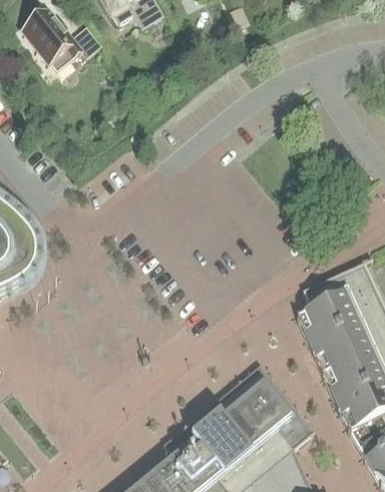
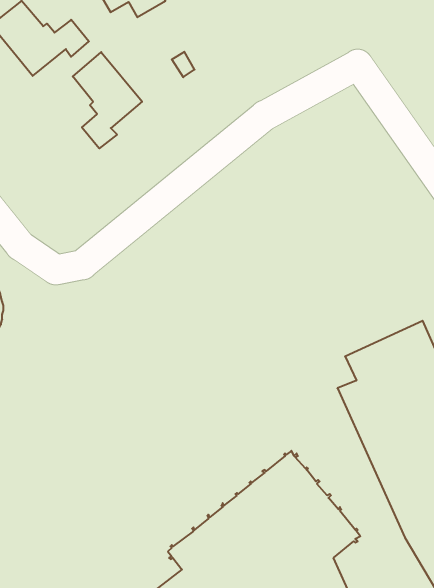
building: none -> [73,52,142,148]

